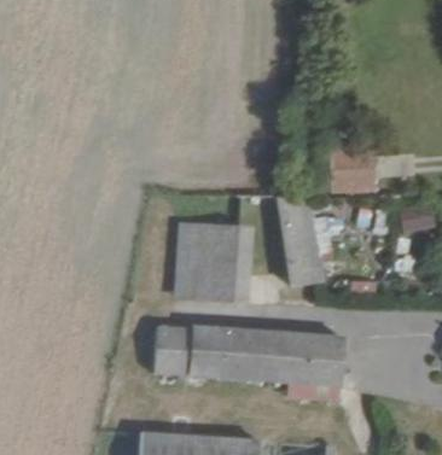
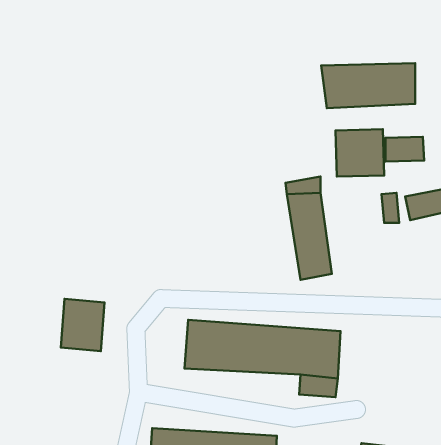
building: none -> [321,63,415,108]
building: [182,228,238,303] -> none
building: [140,325,182,375] -> [61,299,105,351]

